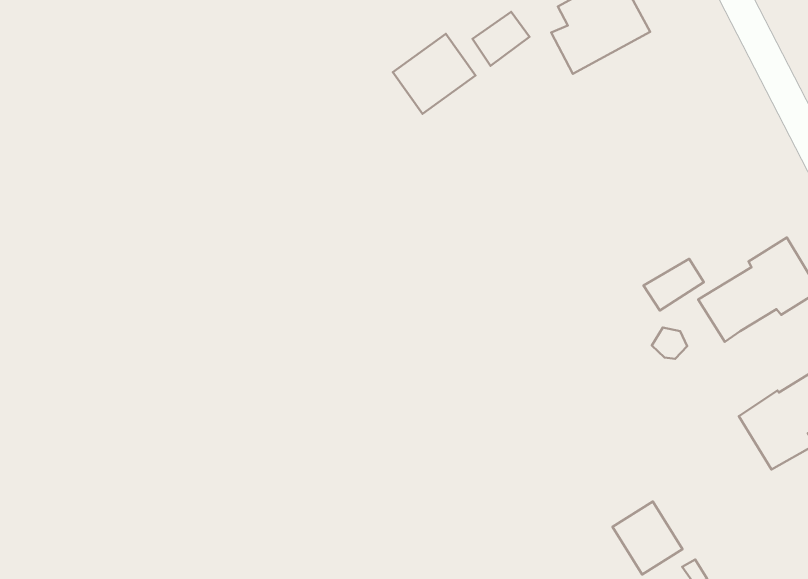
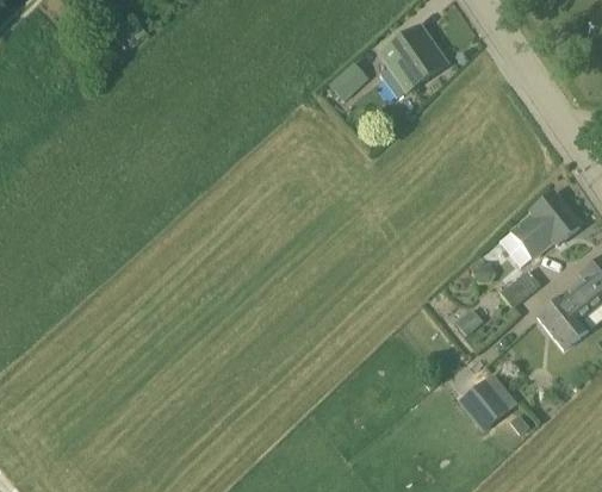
building: [393,34,475,114] -> none
building: [643,259,704,310] -> [501,268,541,305]

